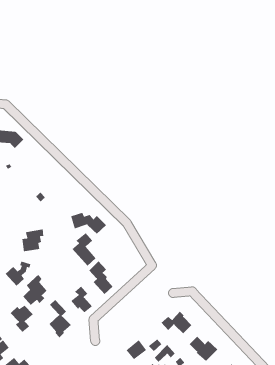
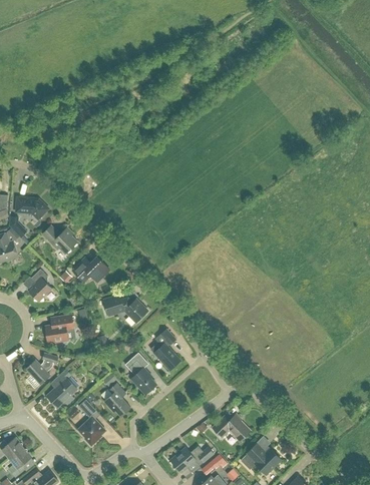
building: none -> [41,225,77,254]
building: none -> [71,257,109,282]
building: none -> [28,269,51,301]
building: [71,232,97,267] -> [149,329,179,370]
building: [10,305,34,333] -> none

